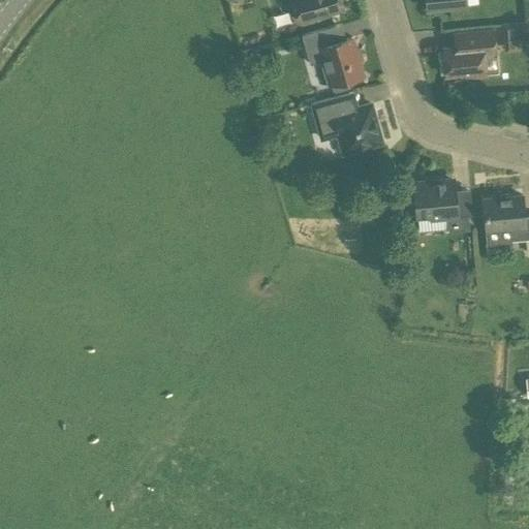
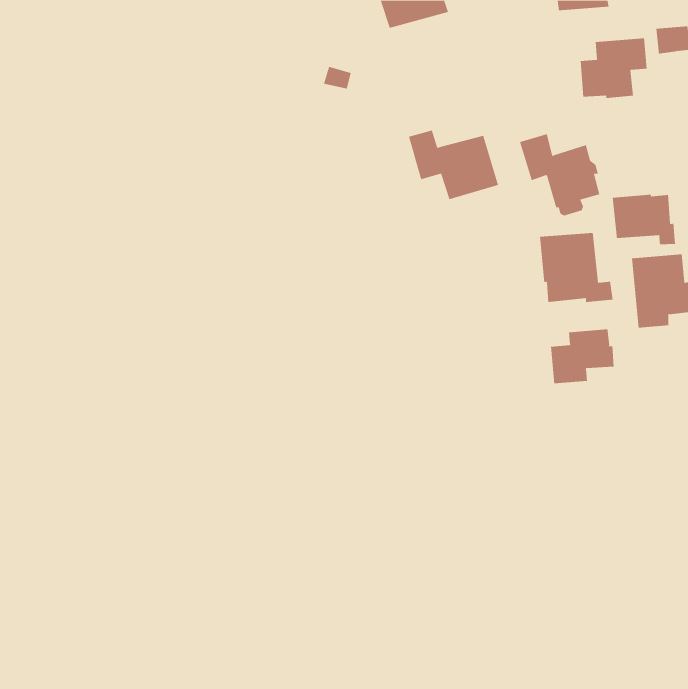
building: [303,29,365,92] -> [519,134,600,216]
building: none -> [612,194,676,245]
building: none -> [551,328,614,384]

